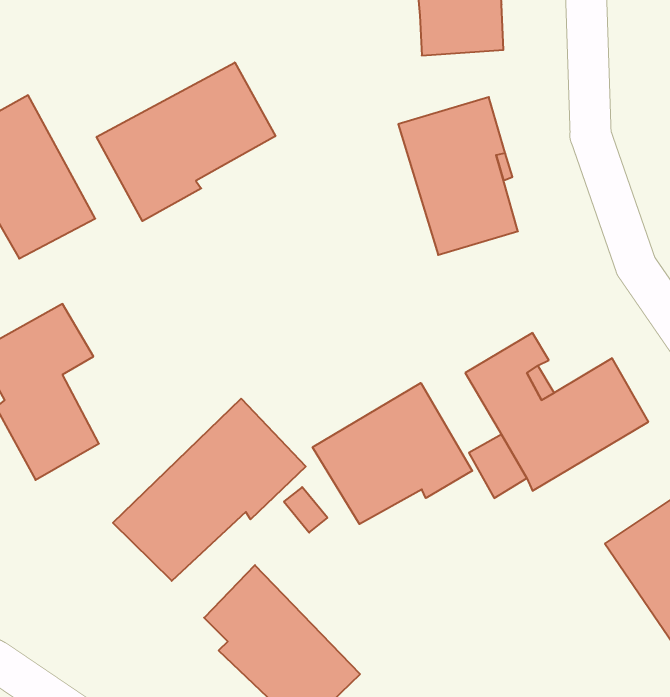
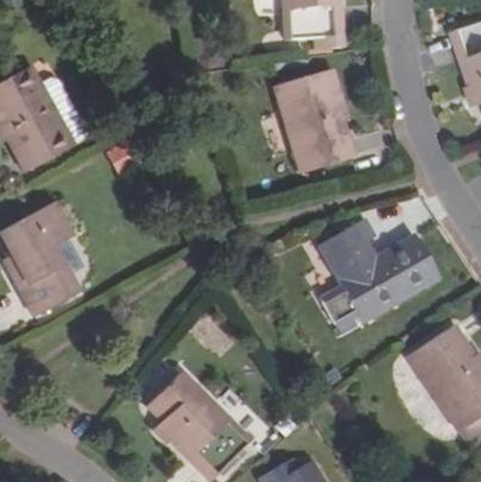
building: [97,62,275,221] -> none
building: [313,383,472,524] -> none
building: [113,399,306,581] -> none

